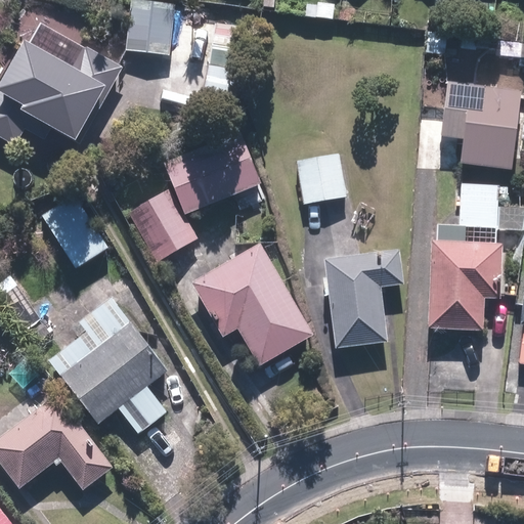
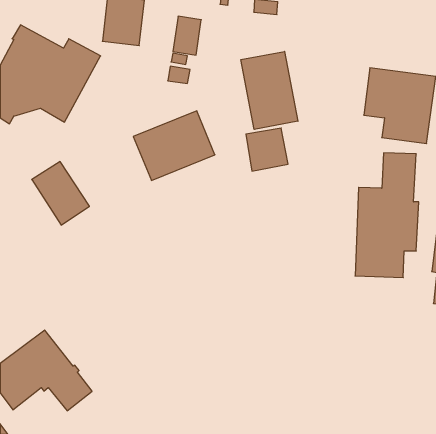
building: none -> [241,51,298,129]
building: [129,187,200,261] -> none
building: [190,242,314,366] -> none
building: [323,248,404,348] -> none
building: [48,295,168,433] -> none

